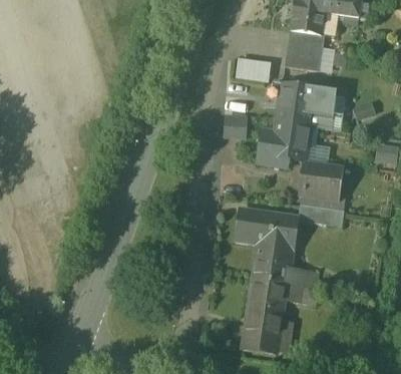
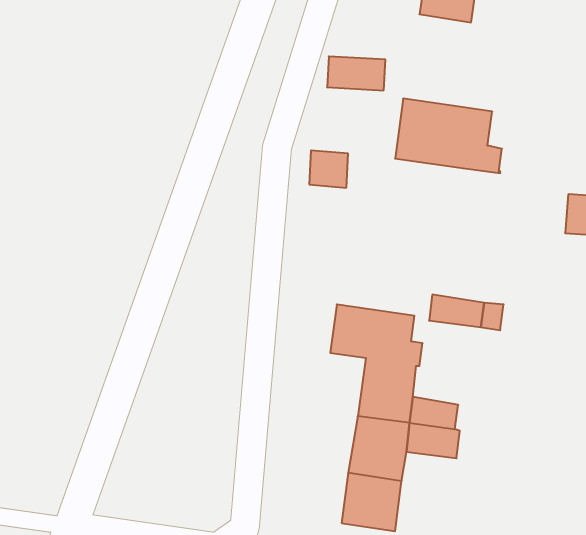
building: [286,30,326,71] -> none
building: [257,119,318,165] -> none
building: [301,161,343,197] -> none

